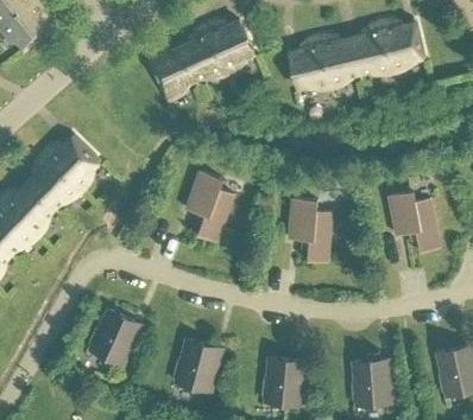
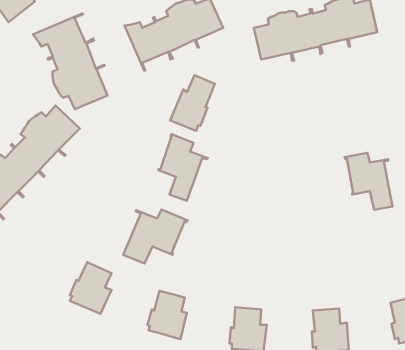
building: none -> [33,14,108,109]
building: none -> [170,75,215,131]
building: [289,198,336,262] -> none
building: none -> [123,210,188,263]

